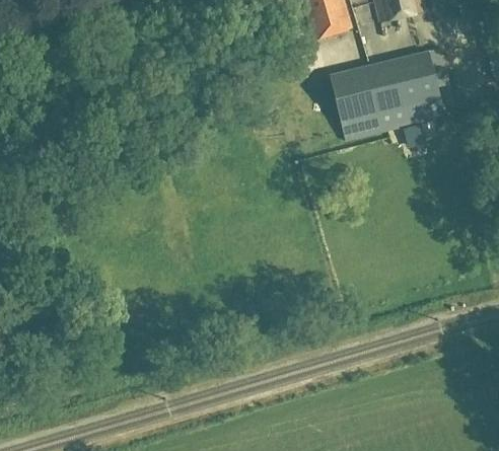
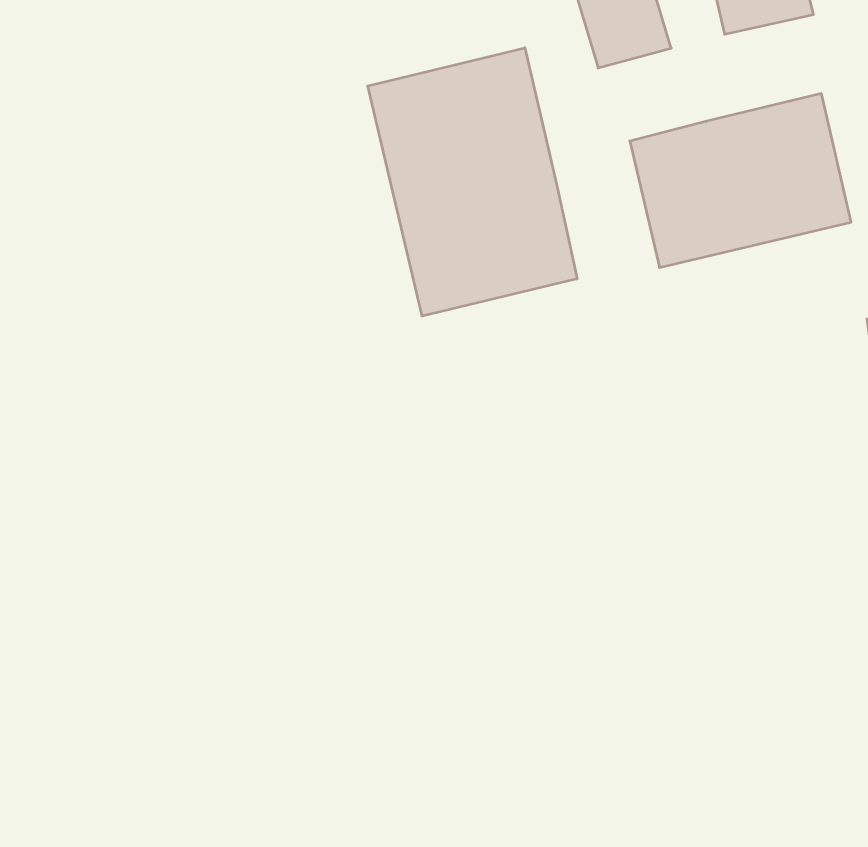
building: none -> [368,48,577,316]

